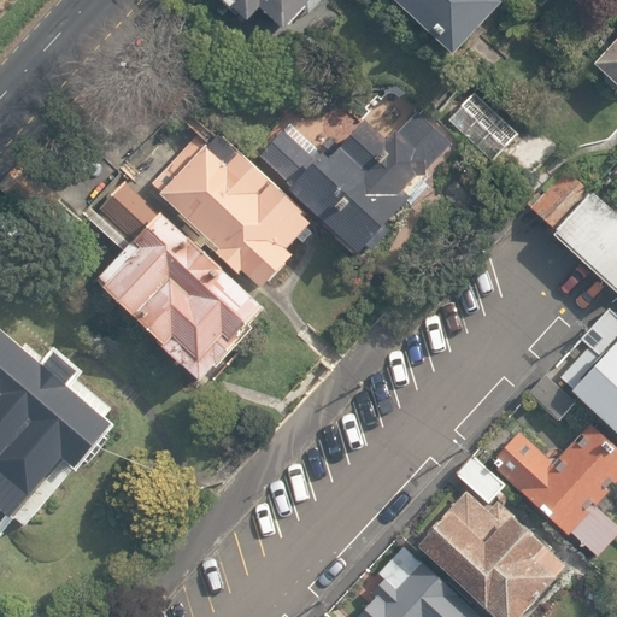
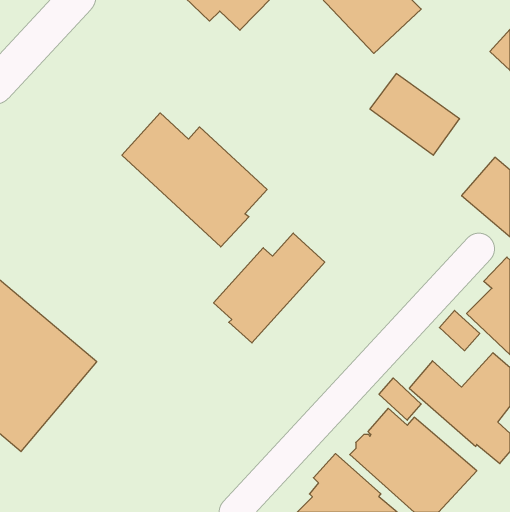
building: [254,99,454,260] -> none
building: [87,181,274,386] -> none
building: none -> [214,233,325,343]

